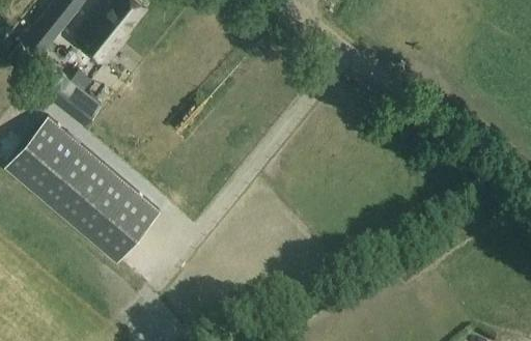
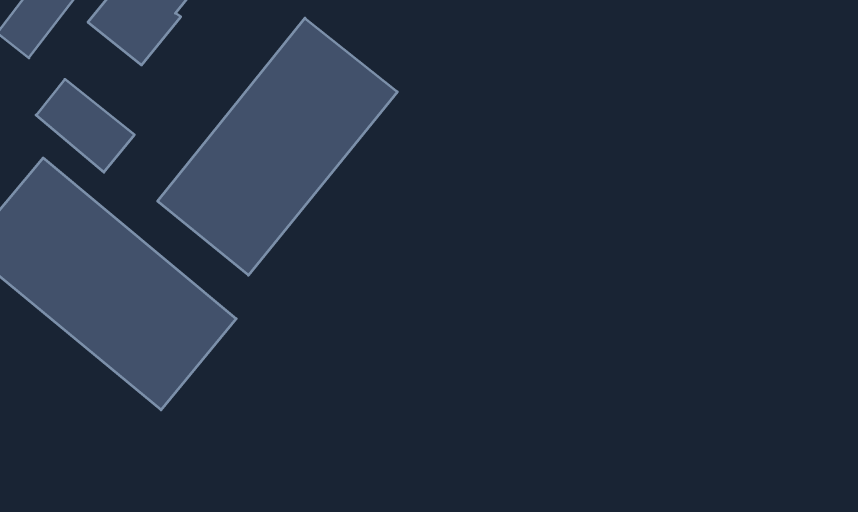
building: none -> [158,18,397,275]

